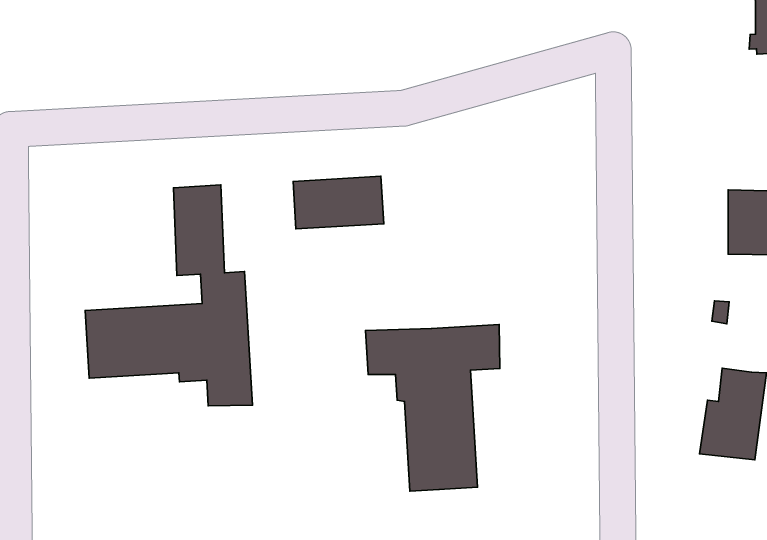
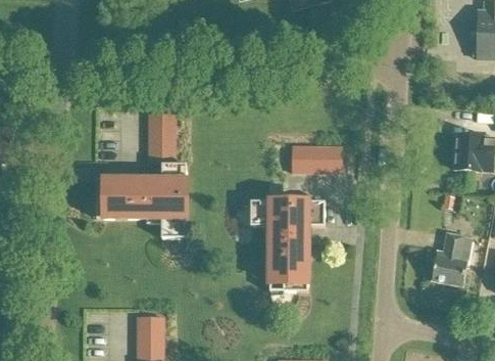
building: [293,176,384,229] -> [293,144,342,171]

